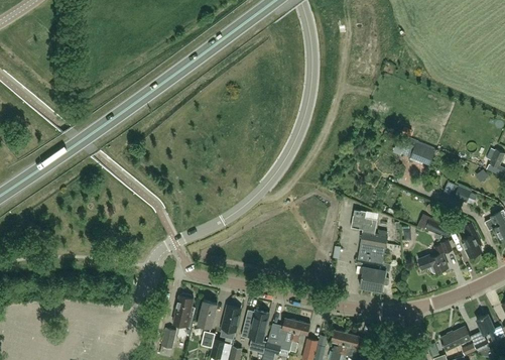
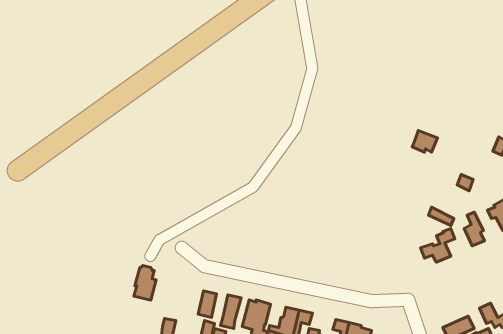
building: [350,210,390,290] -> none
building: [172,293,195,328] -> [134,265,156,300]

